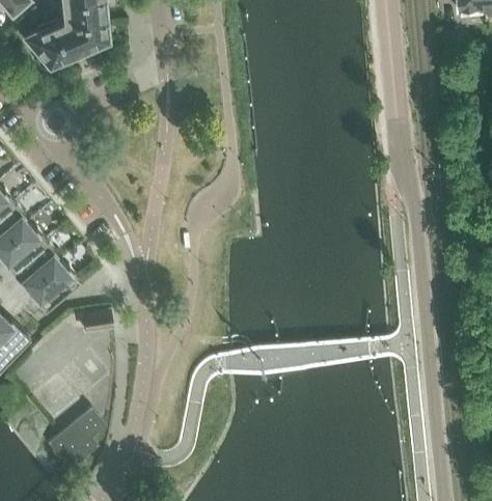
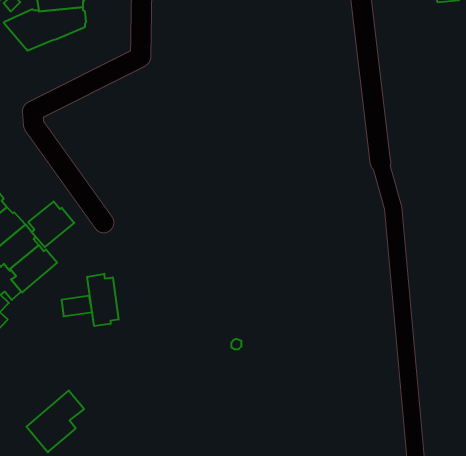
building: none -> [28,201,74,247]
building: none -> [87,274,119,326]

